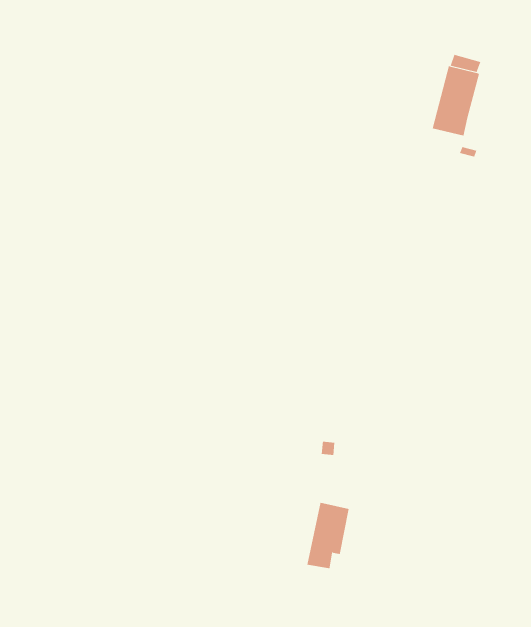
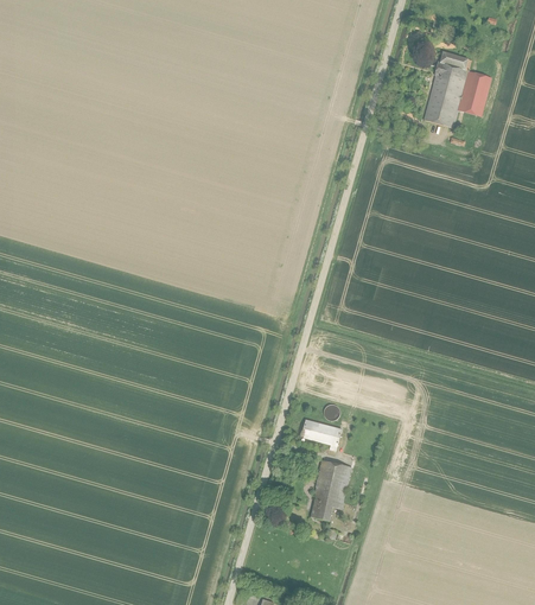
building: none -> [457,70,491,116]
building: none -> [300,419,340,451]

